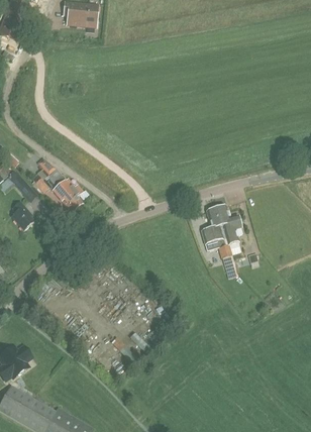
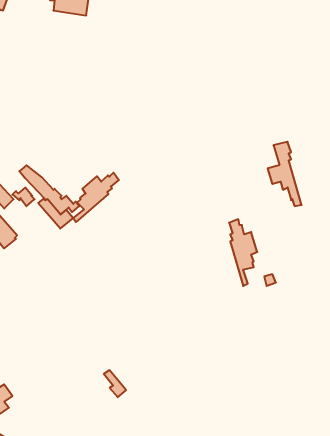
building: none -> [73,173,119,222]
building: [200,207,229,262] -> [268,142,302,206]

